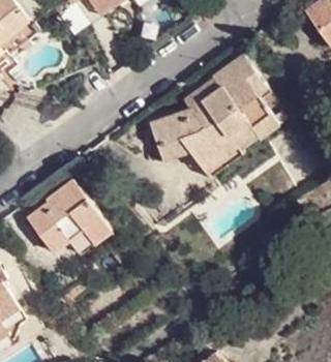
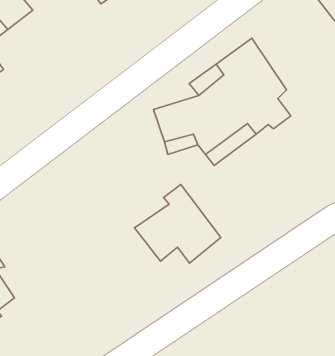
building: [29,175,112,250] -> [134,185,221,263]

